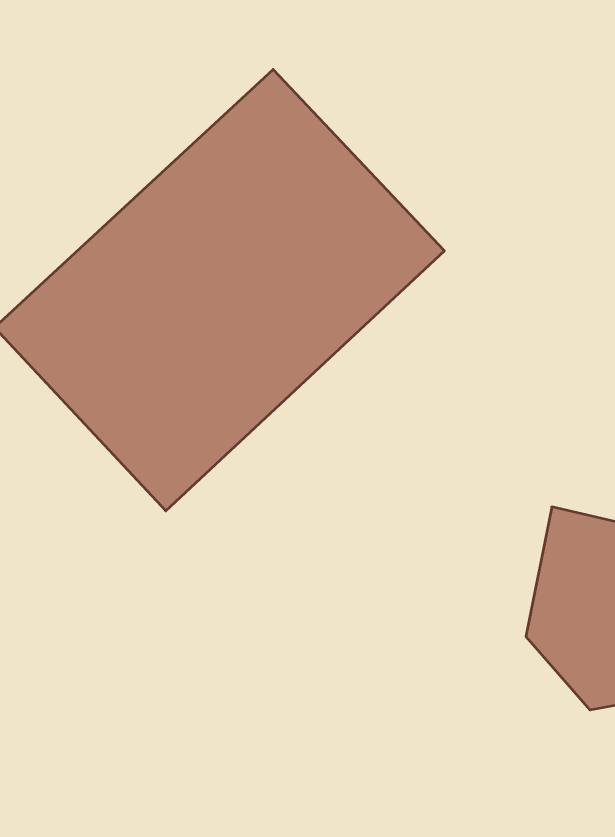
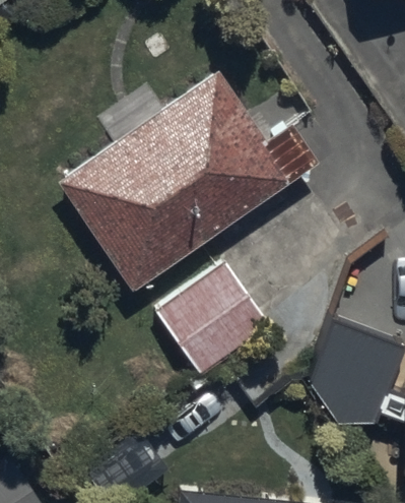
building: none -> [155,261,270,375]

